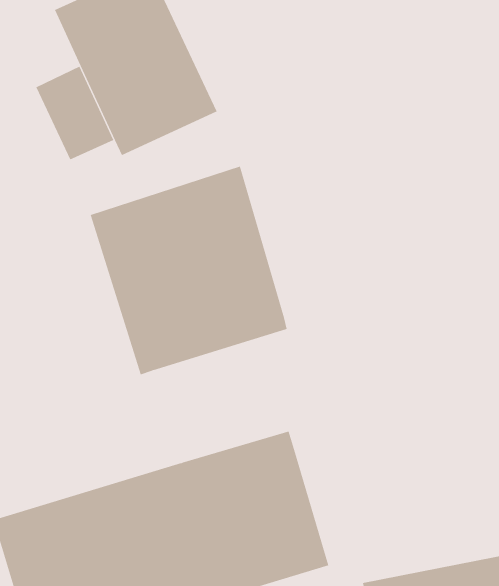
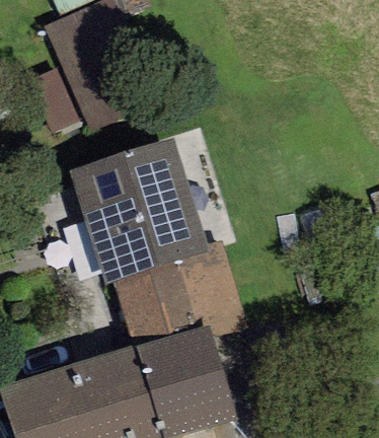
building: none -> [112,239,247,346]

